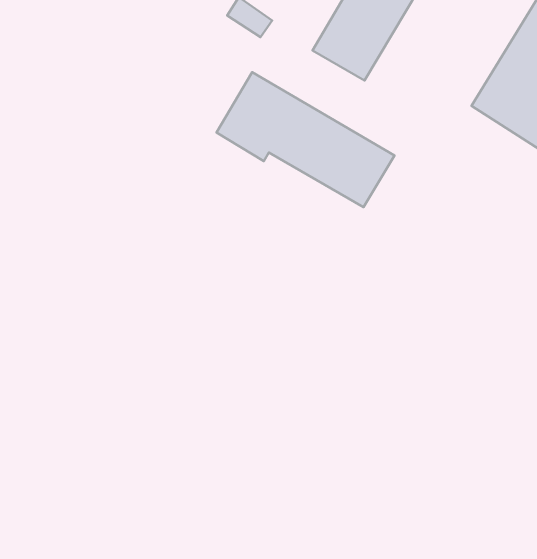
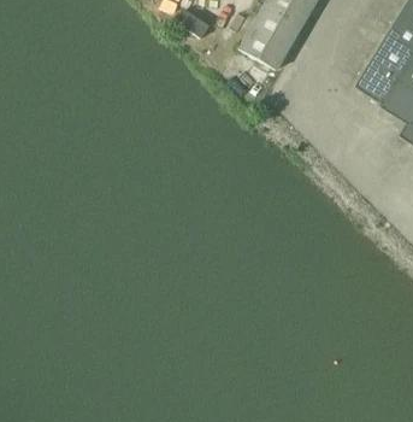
building: [217,72,394,207] -> none

